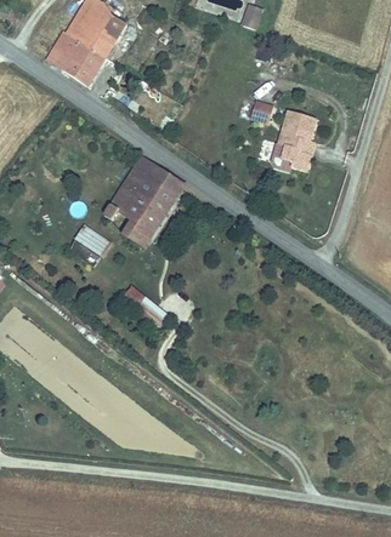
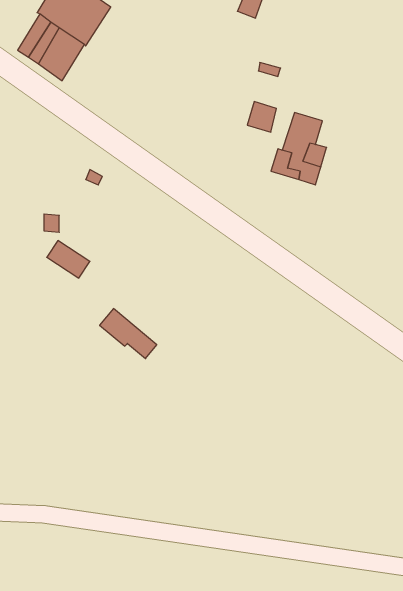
building: [109,159,183,246] -> none

